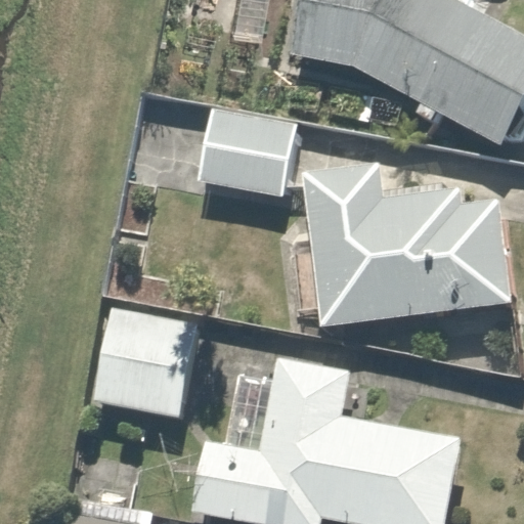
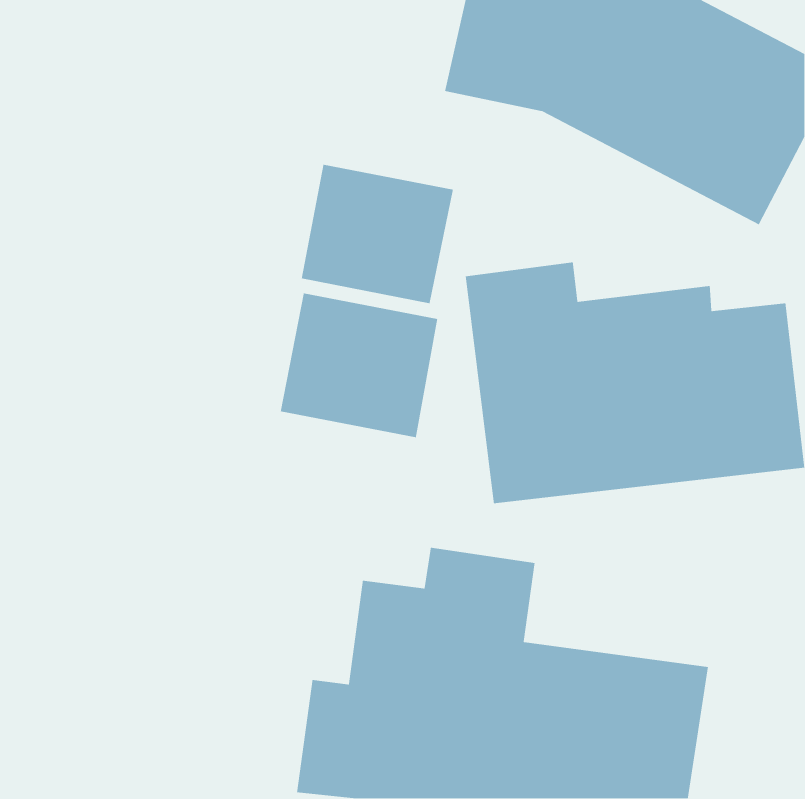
building: none -> [280,293,438,438]
building: [99,311,195,416] -> none

